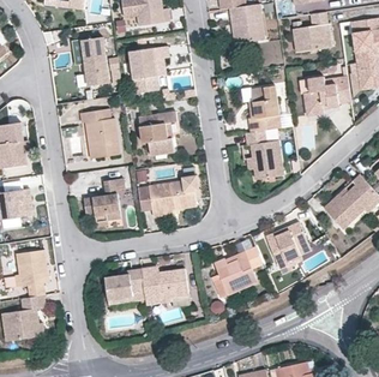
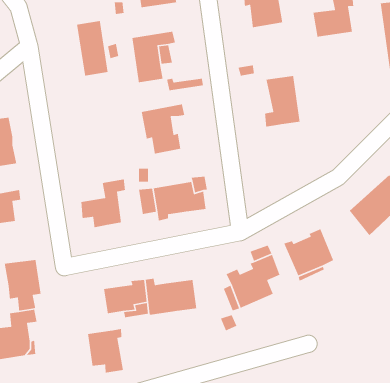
building: [303,76,350,115] -> none
building: [80,108,119,158] -> none
building: [245,130,283,179] -> none
building: none -> [87,328,124,374]

